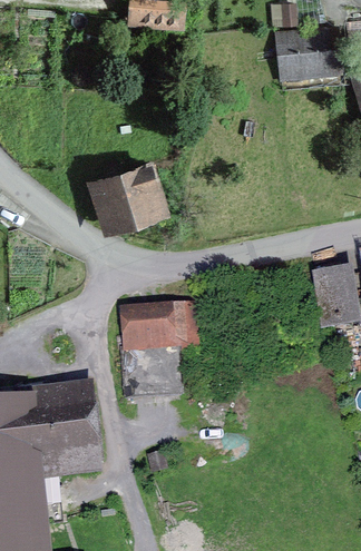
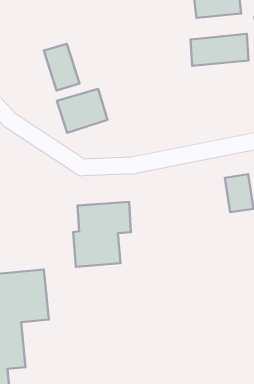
building: none -> [190,34,249,66]
building: none -> [44,44,79,90]

